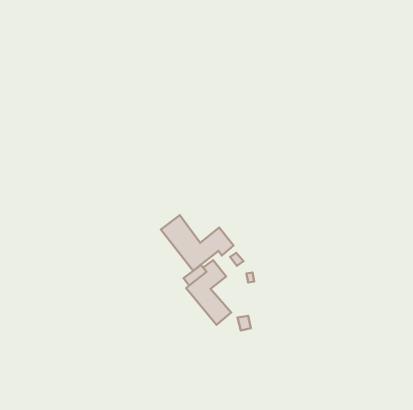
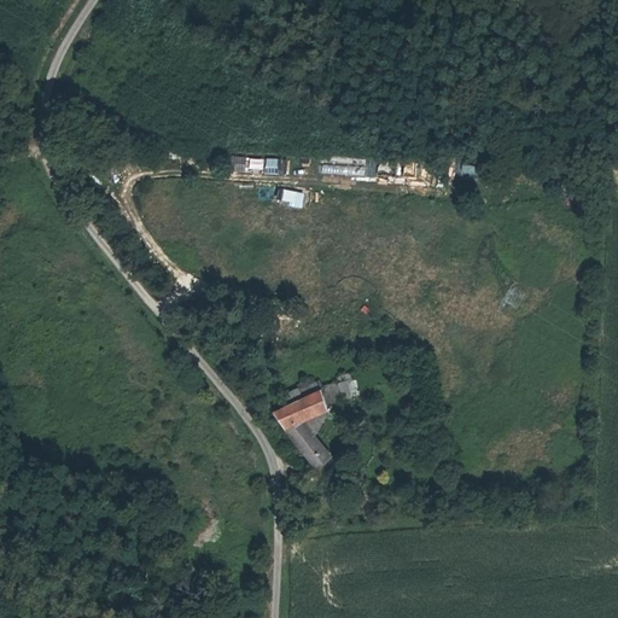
building: [161,215,234,271] -> none

